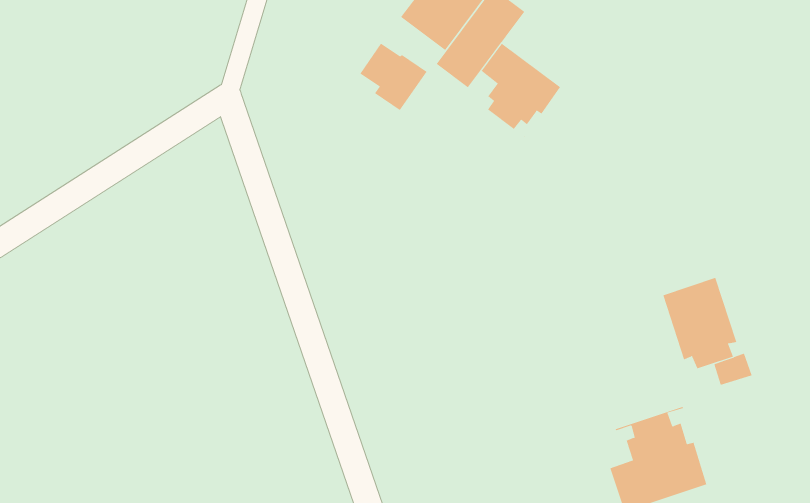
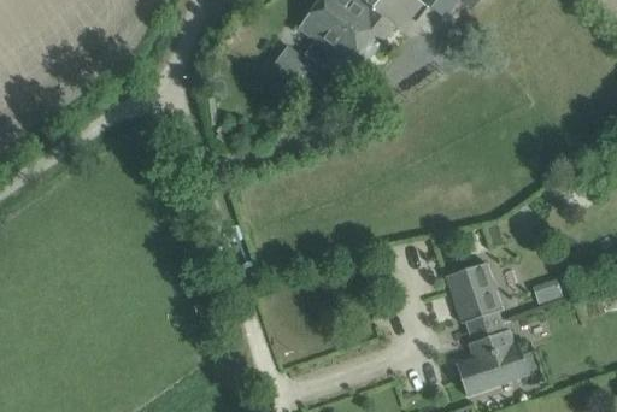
building: [476,43,561,138] -> none
building: [662,277,737,375] -> [446,263,501,335]

